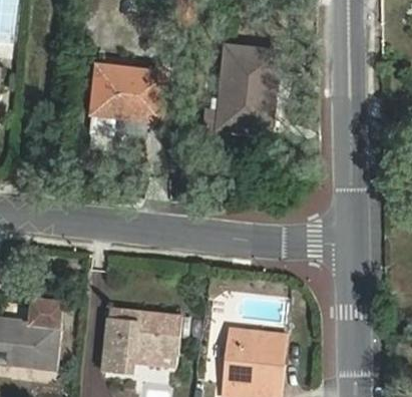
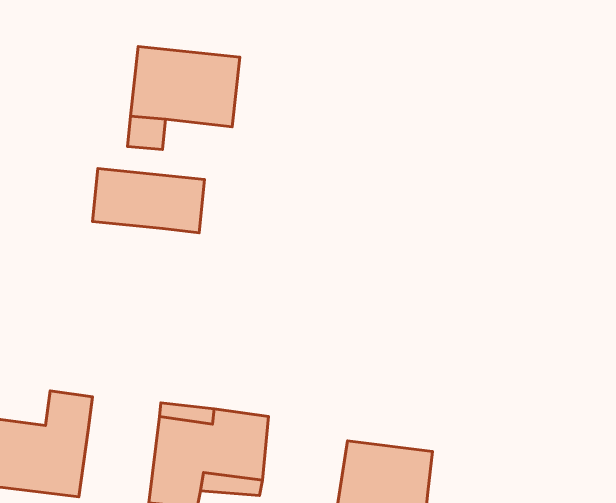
building: [216,47,276,132] -> none
building: none -> [93,168,205,233]

